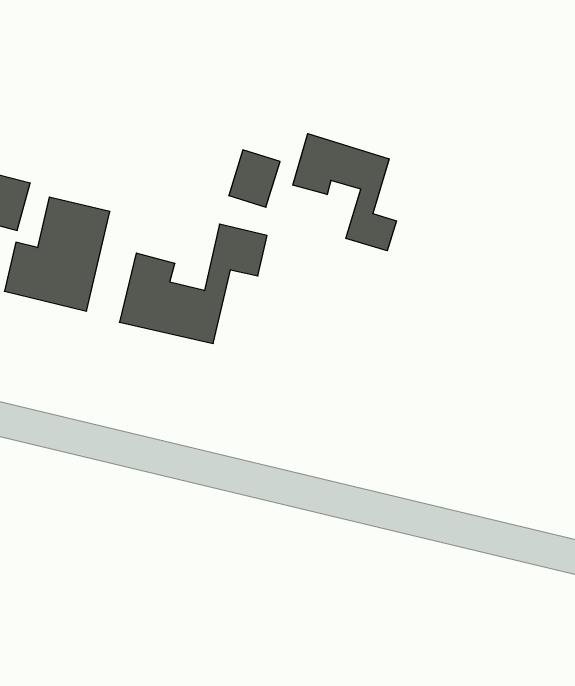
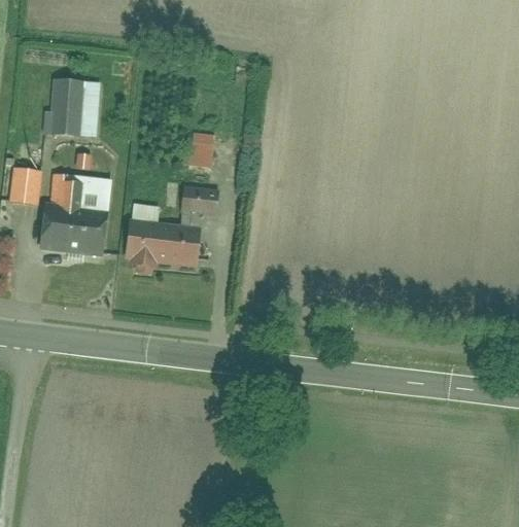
building: none -> [59,89,89,132]
building: [293,134,397,251] -> none

